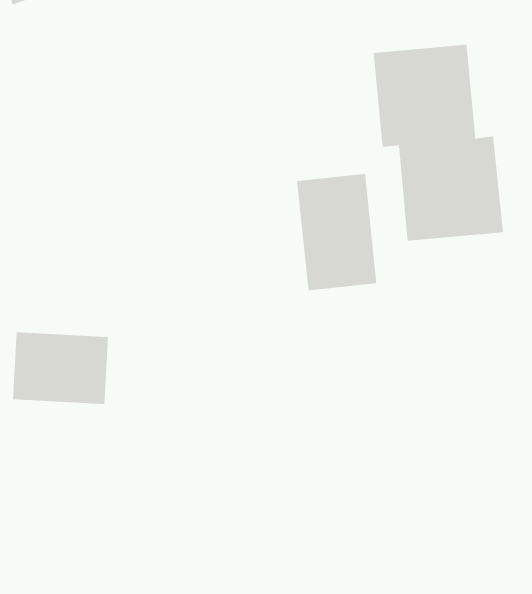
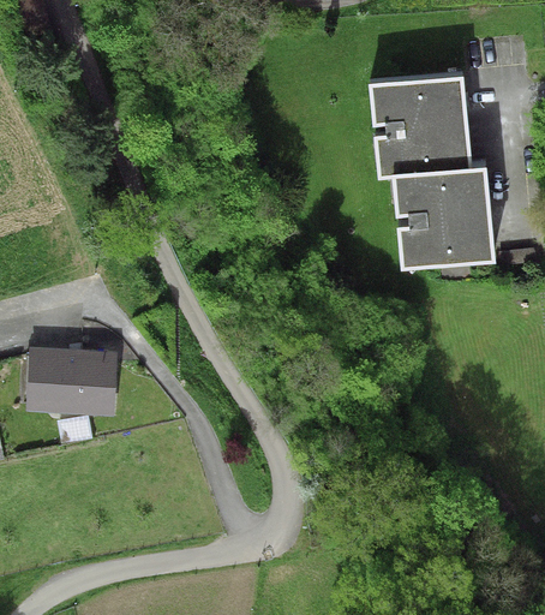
building: [297,173,377,291] -> none

